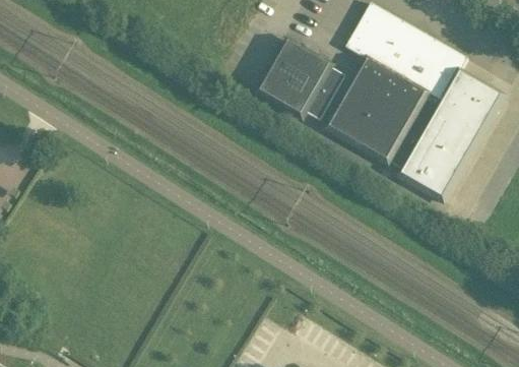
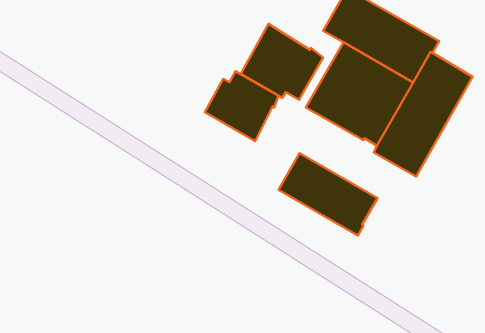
building: none -> [205,71,278,141]
building: none -> [278,153,378,236]

